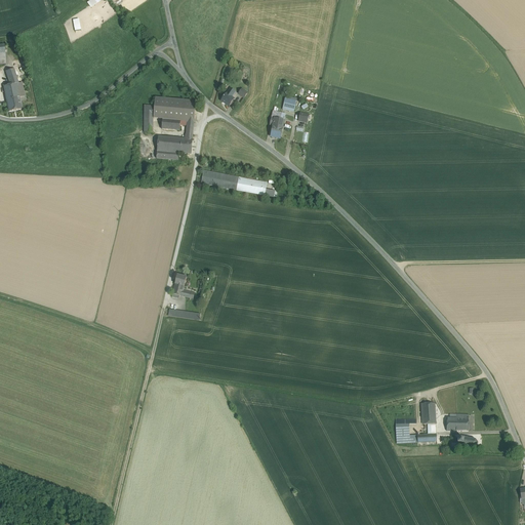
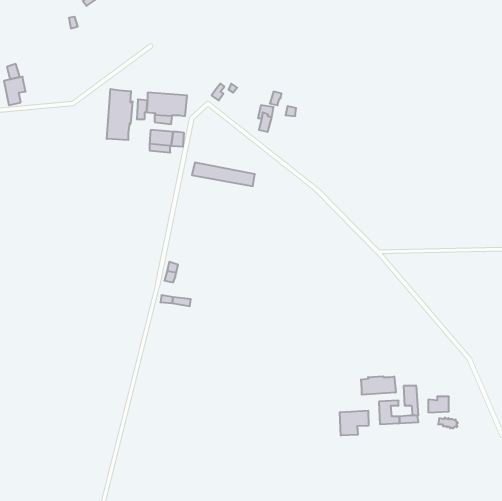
building: none -> [107,89,133,140]
building: none -> [361,376,396,395]
building: none -> [340,411,368,436]

